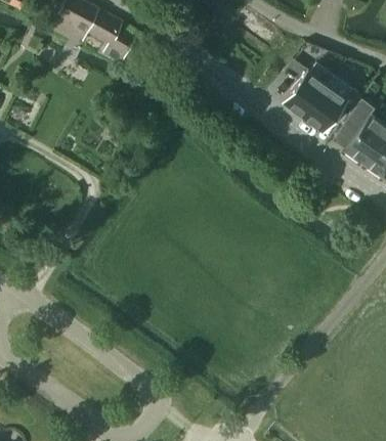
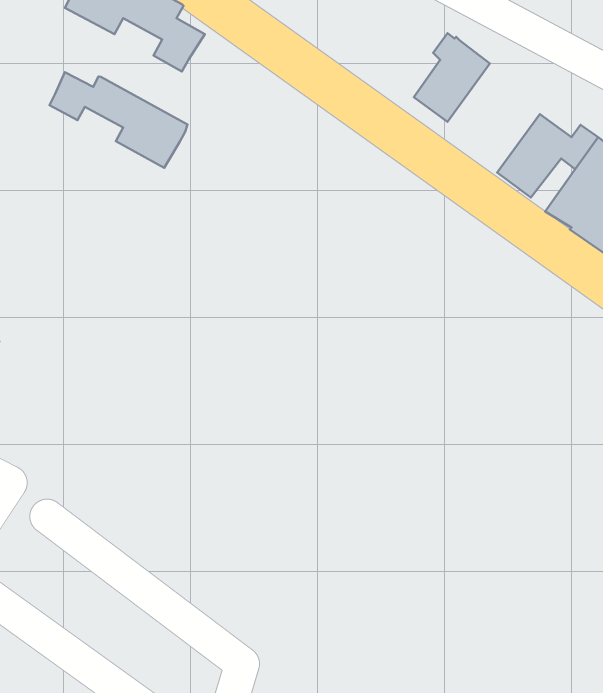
building: none -> [49,72,187,168]
building: [284,68,328,119] -> [414,33,490,122]

